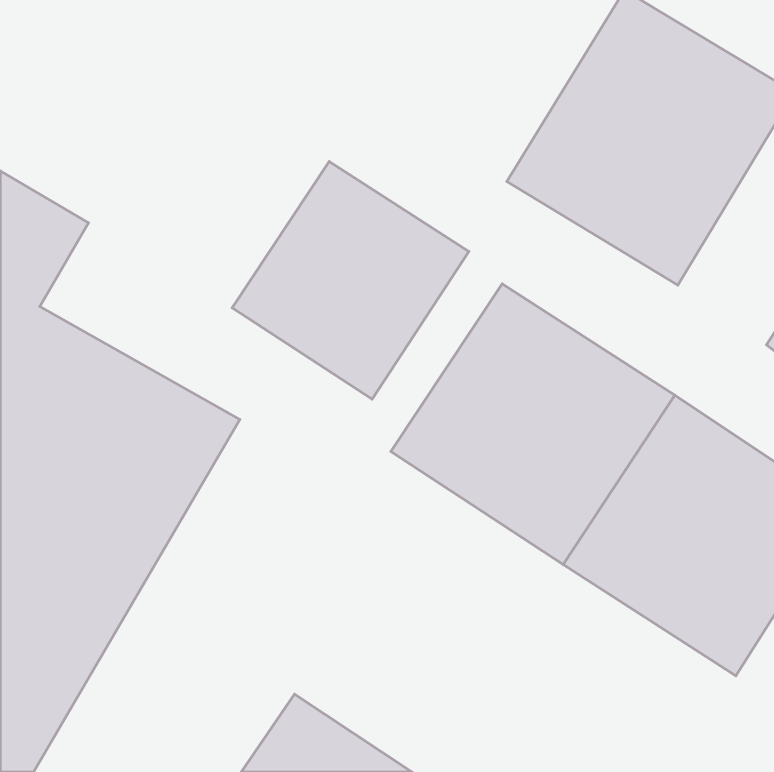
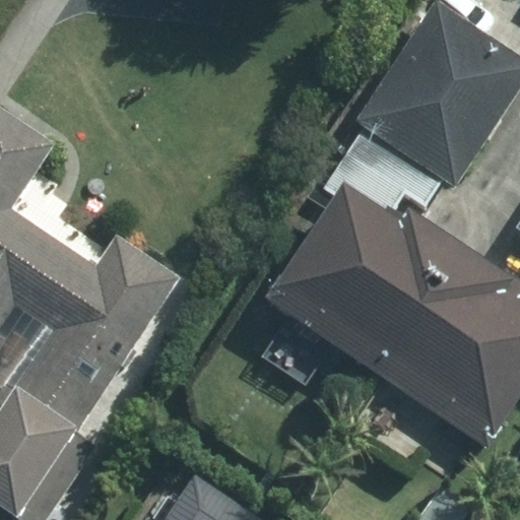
building: [232,161,469,399] -> none

